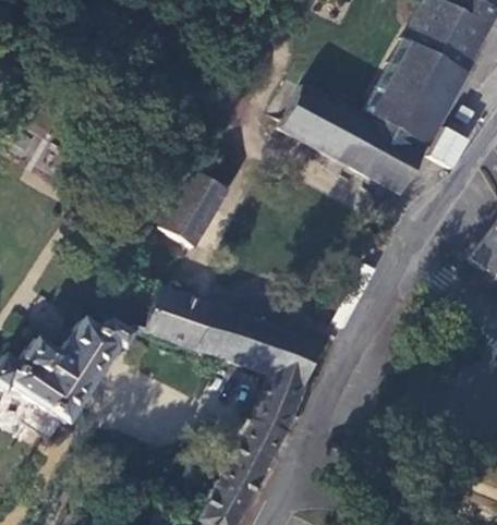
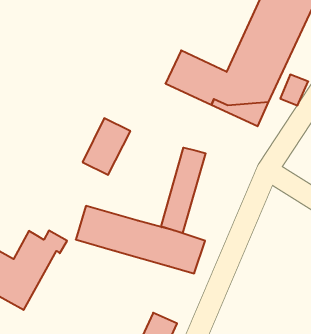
building: none -> [161,148,206,233]
building: [242,377,301,455] -> none

